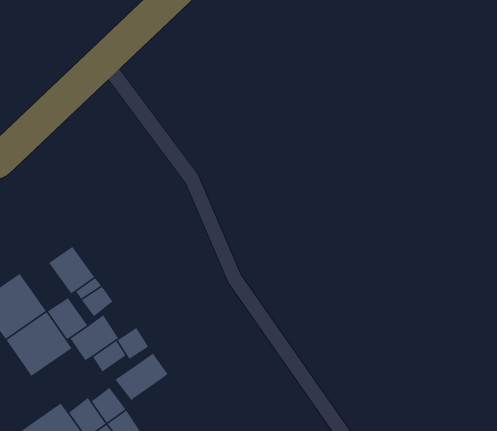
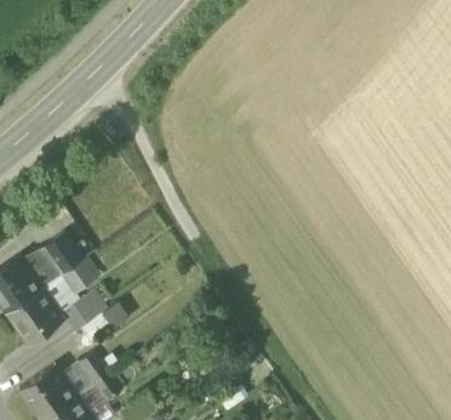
building: none -> [19,248,63,289]
building: [115,353,169,401] -> none

